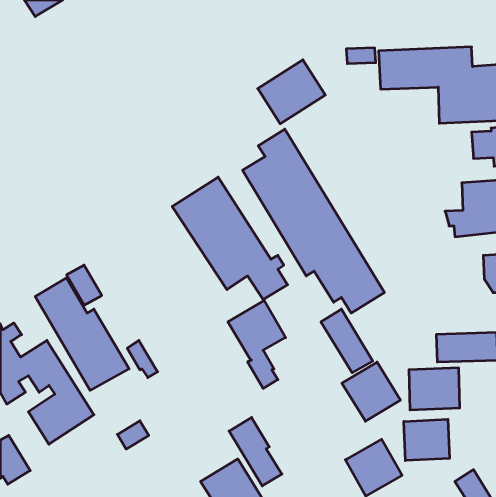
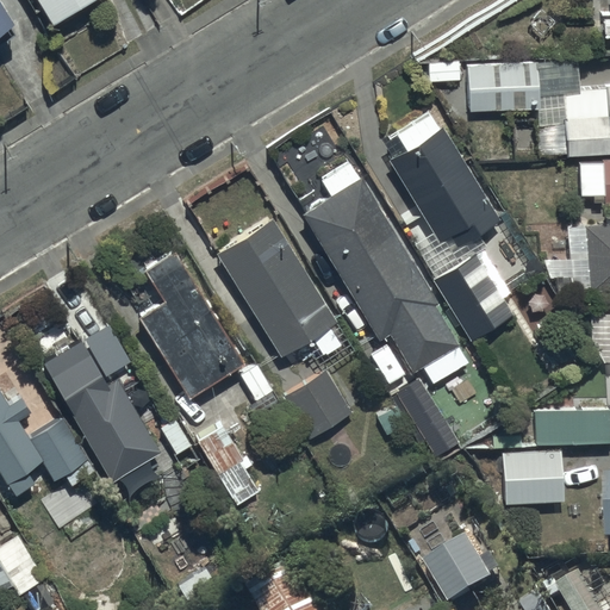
building: [258,60,325,124] -> none
building: none -> [385,114,516,342]
building: none -> [112,249,244,397]
building: [342,362,400,421] -> none
building: [229,417,282,486] -> [195,423,260,506]
building: [404,419,449,461] -> none

